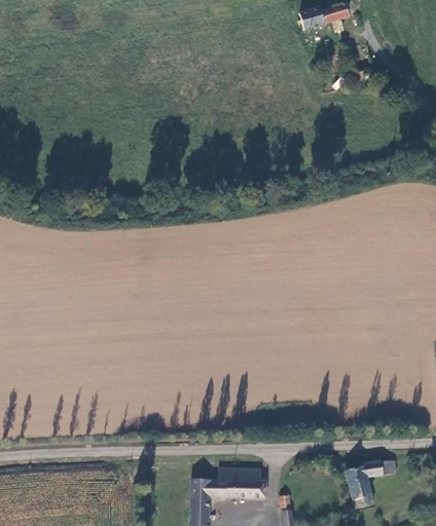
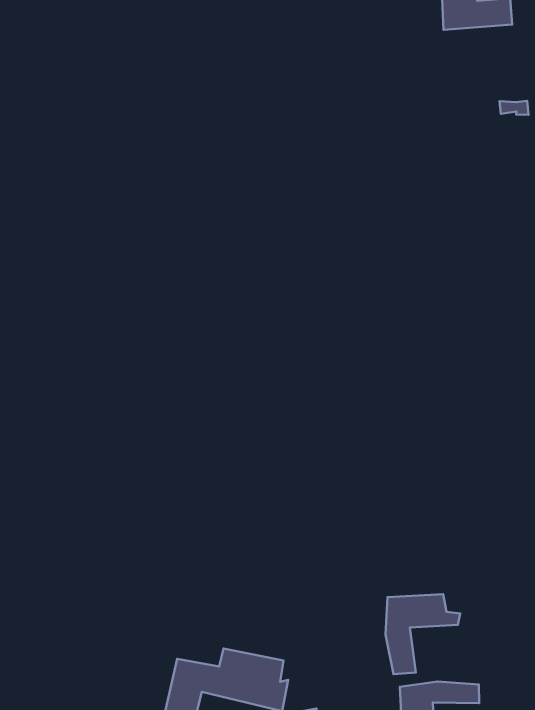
building: none -> [385,594,460,674]

